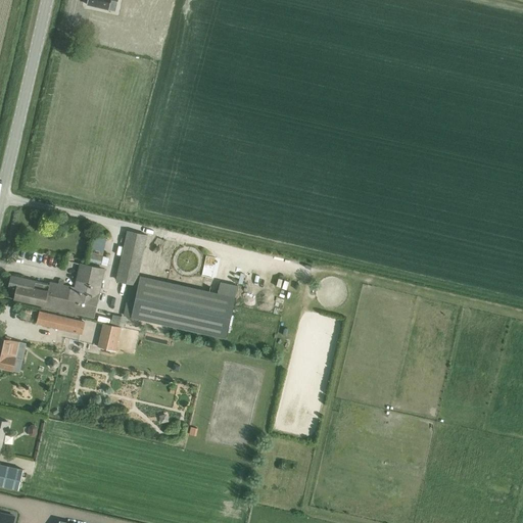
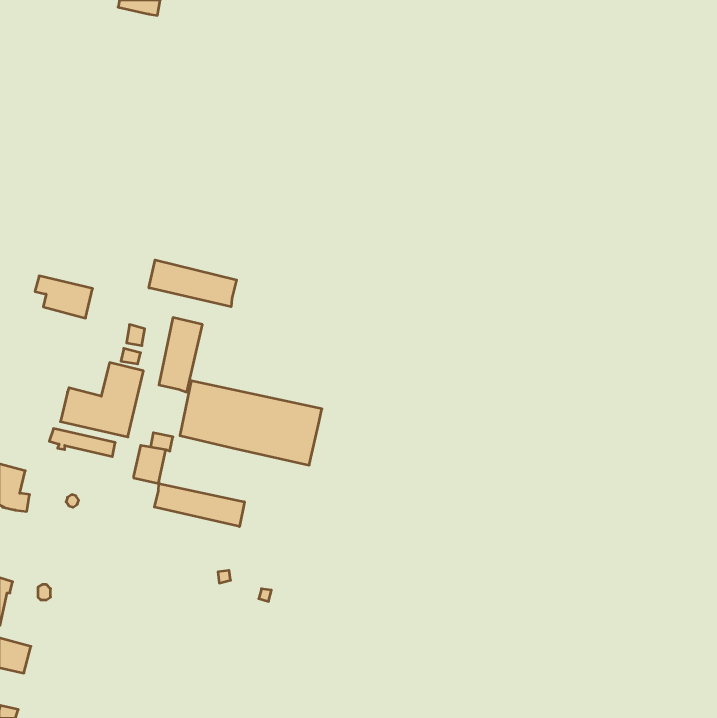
building: none -> [149,260,237,307]
building: [7,276,49,306] -> [35,276,93,318]
building: none -> [154,483,244,527]

